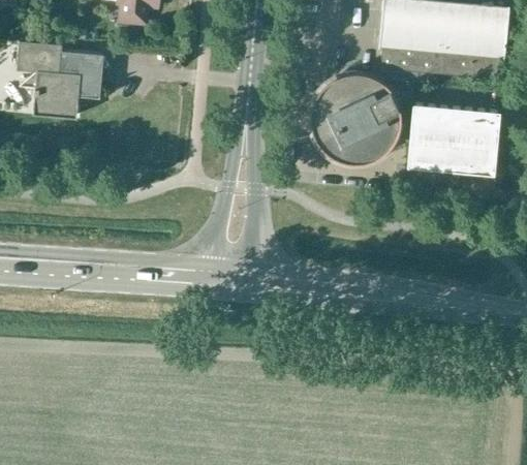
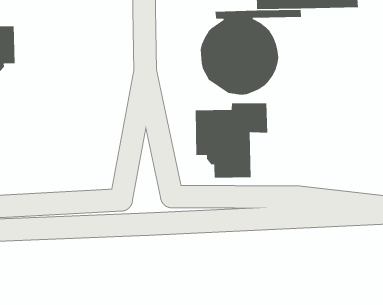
building: [407,103,500,175] -> none
building: none -> [195,103,268,178]

